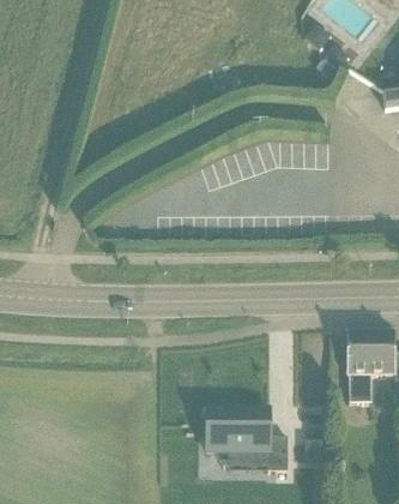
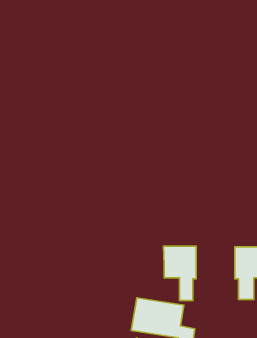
building: none -> [163,246,196,300]

